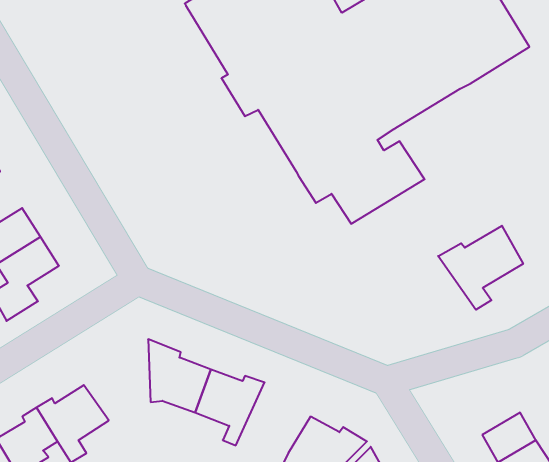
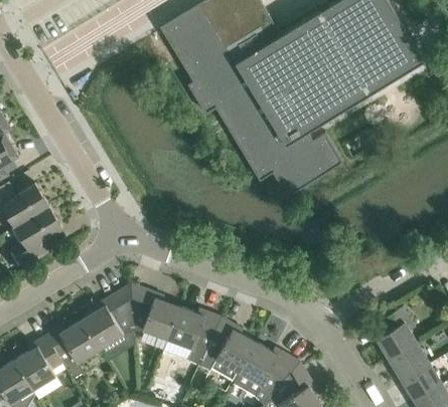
building: [438,226,523,310] -> none
building: none -> [82,284,133,347]
building: none -> [376,308,417,358]
building: none -> [198,318,256,372]

